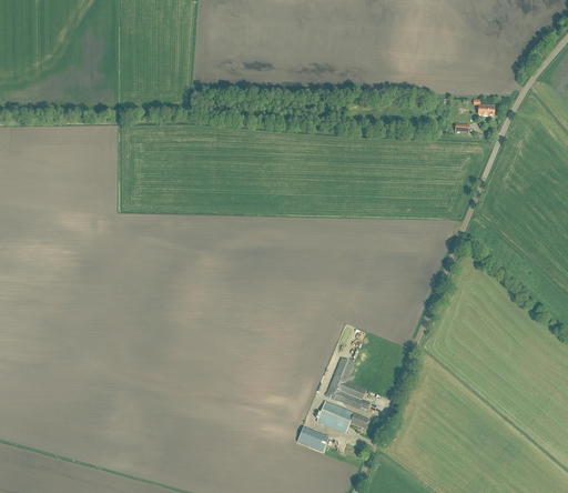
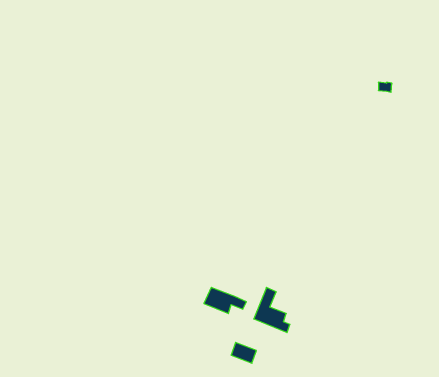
building: [316,401,368,433] -> [204,287,246,314]

